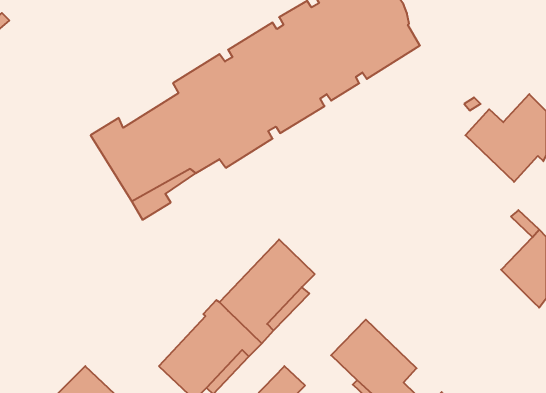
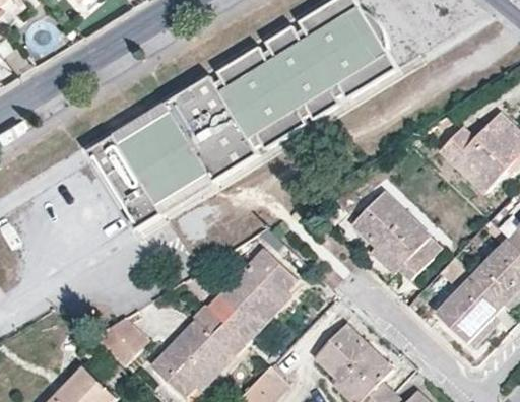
building: none -> [350,191,442,280]
building: none -> [437,269,503,348]
building: none -> [93,317,149,366]

